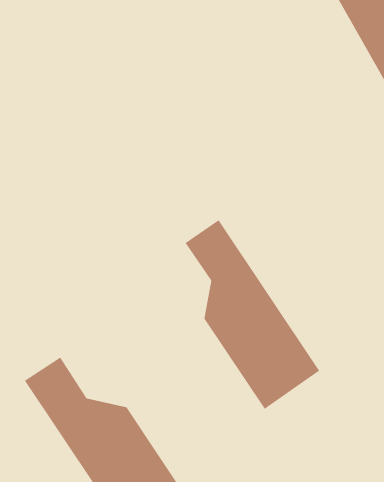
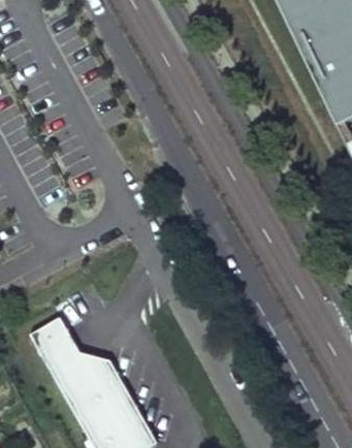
building: [184,219,320,410] -> none

